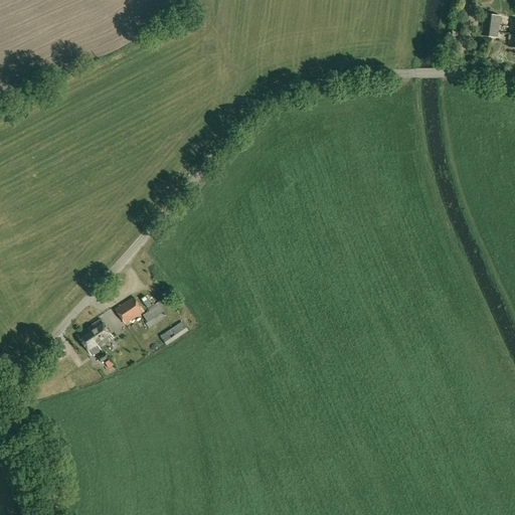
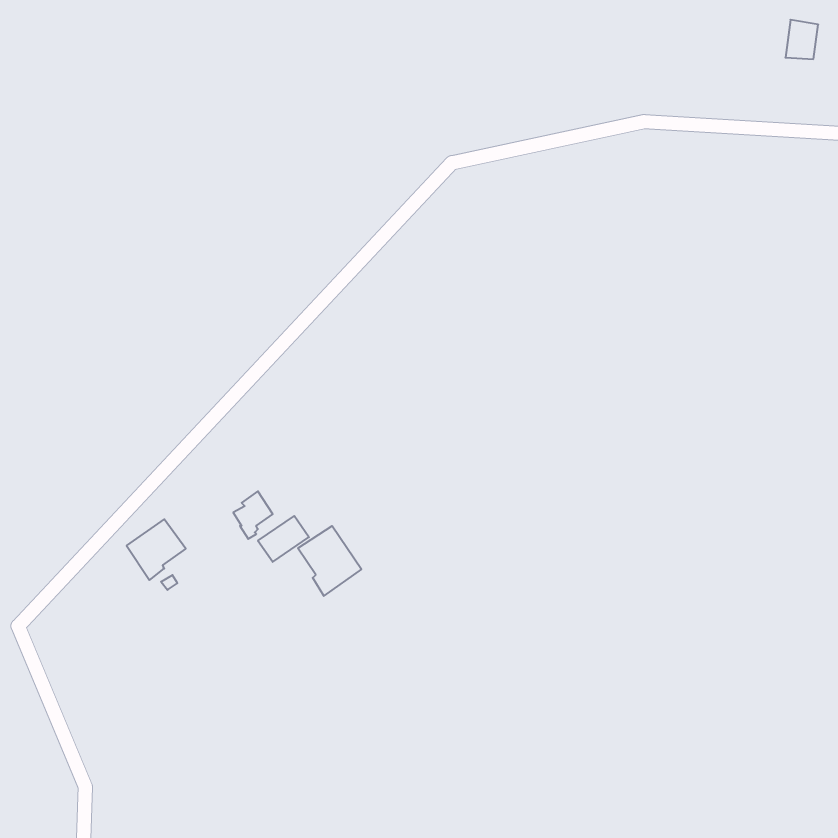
building: [117,296,145,323] -> none
building: none -> [298,526,361,596]

